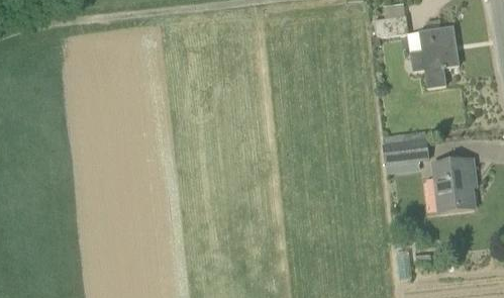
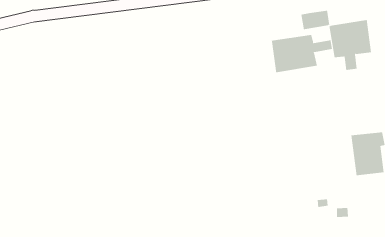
building: none -> [271,34,332,73]
building: [383,138,429,164] -> none

